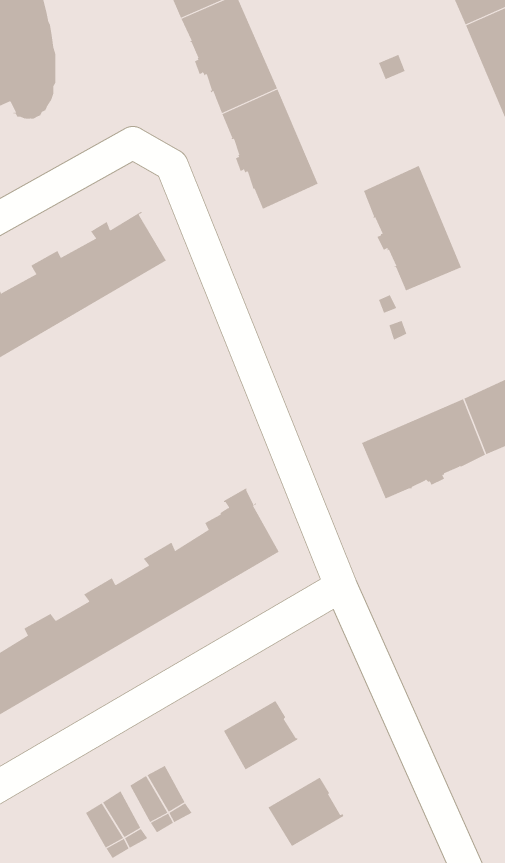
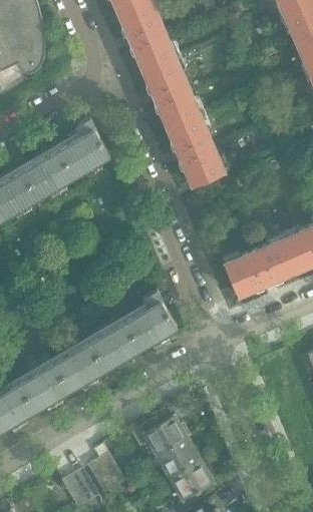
building: [363,165,462,291] -> [166,111,224,185]
building: none -> [155,438,200,478]

